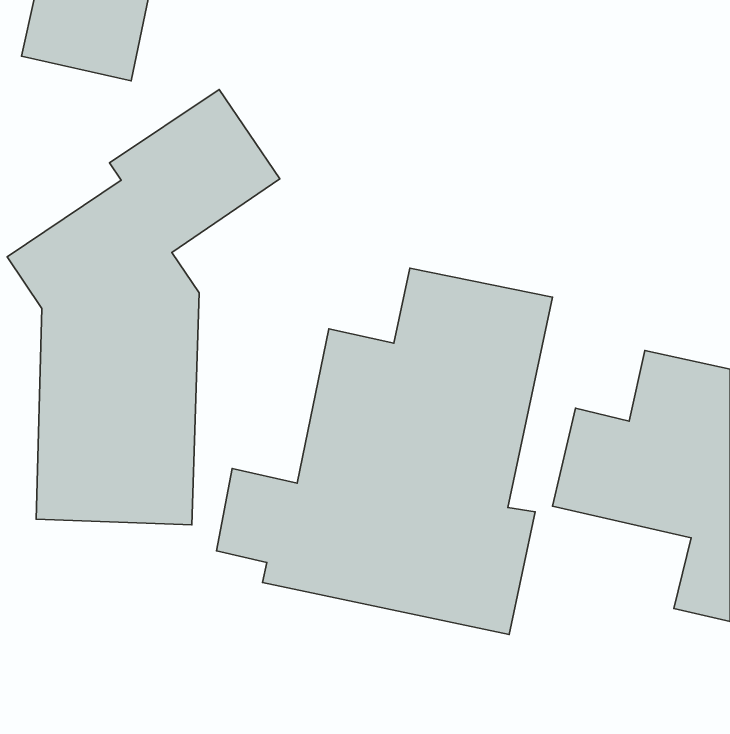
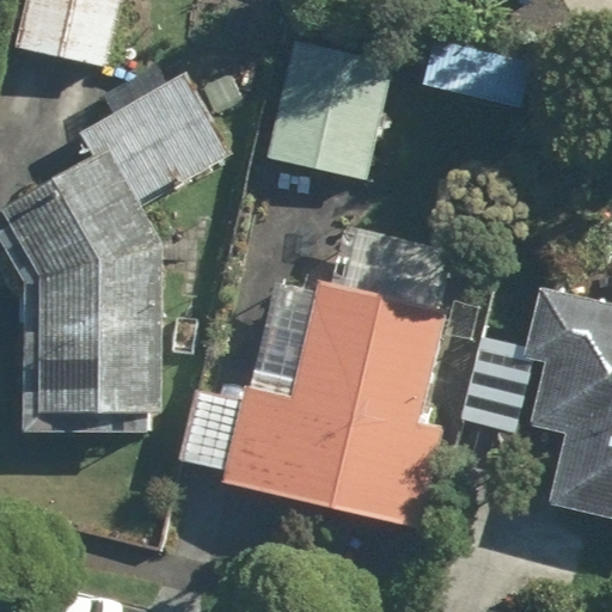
building: none -> [269,42,392,178]

